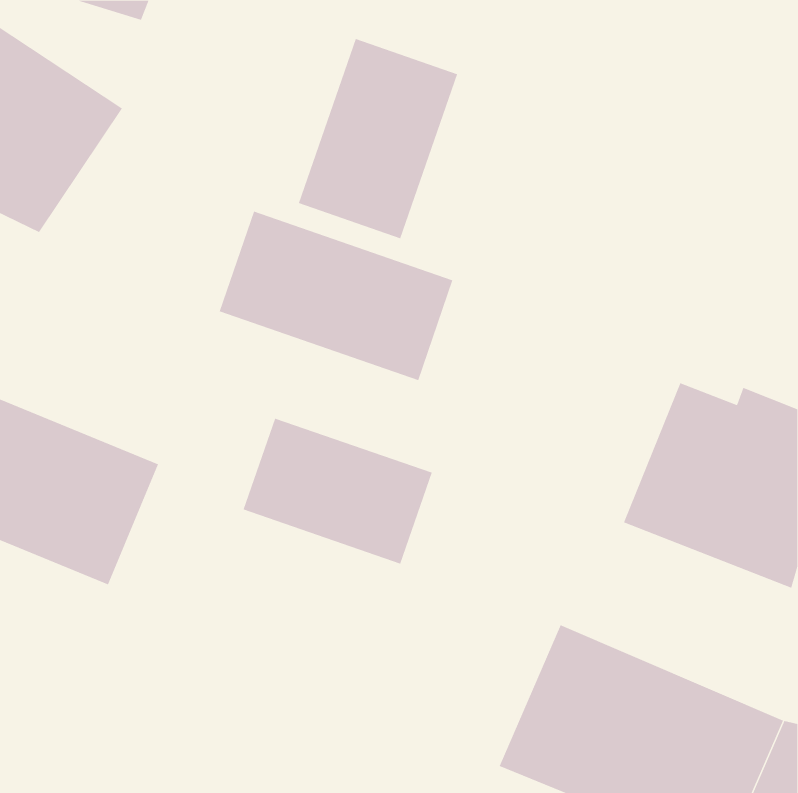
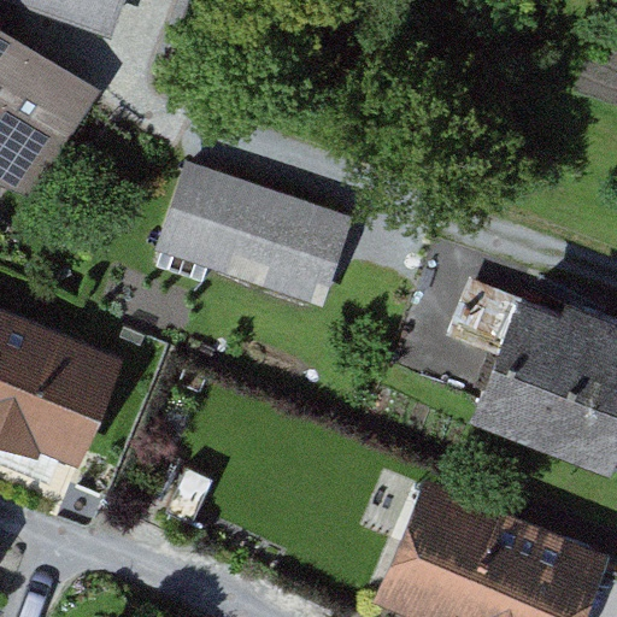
building: [298,38,458,239] -> none
building: [243,418,433,565] -> none

